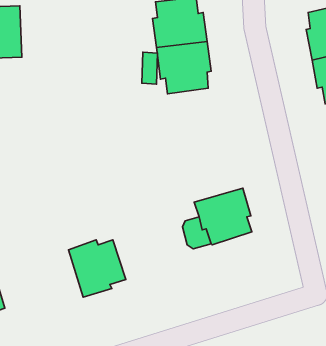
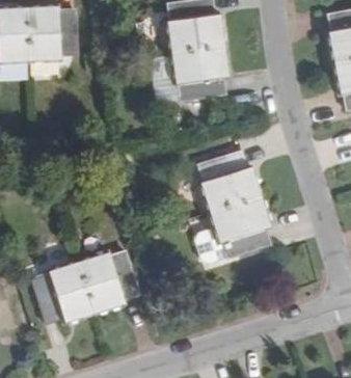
building: none -> [28,6,79,61]
building: none -> [200,153,262,213]
building: none -> [34,263,95,323]

